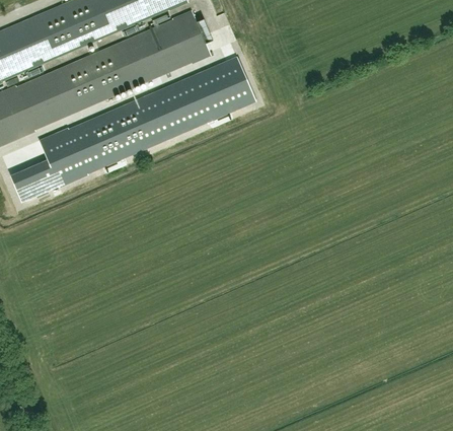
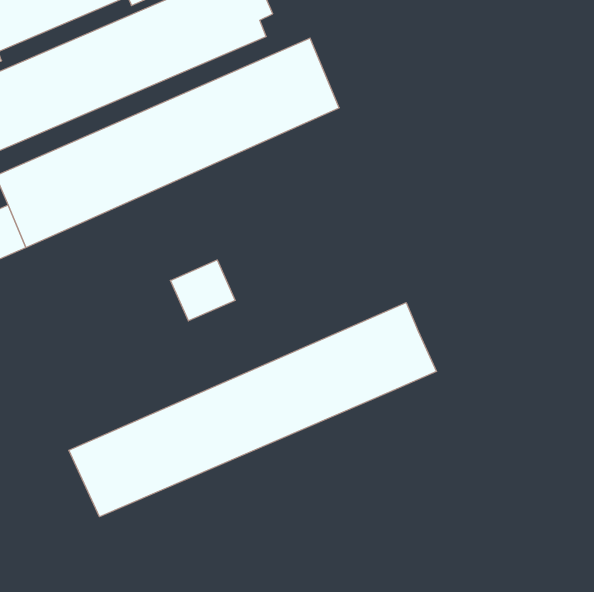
building: none -> [170,260,235,321]
building: none -> [69,303,437,517]

